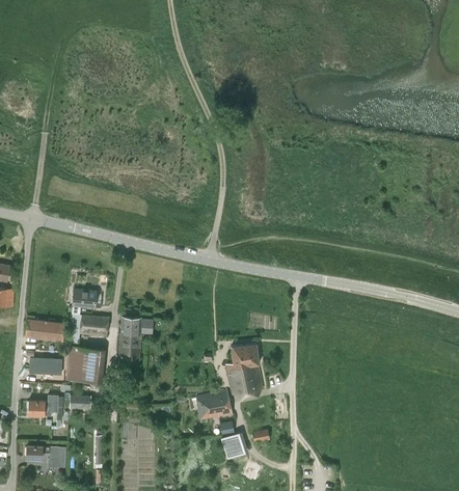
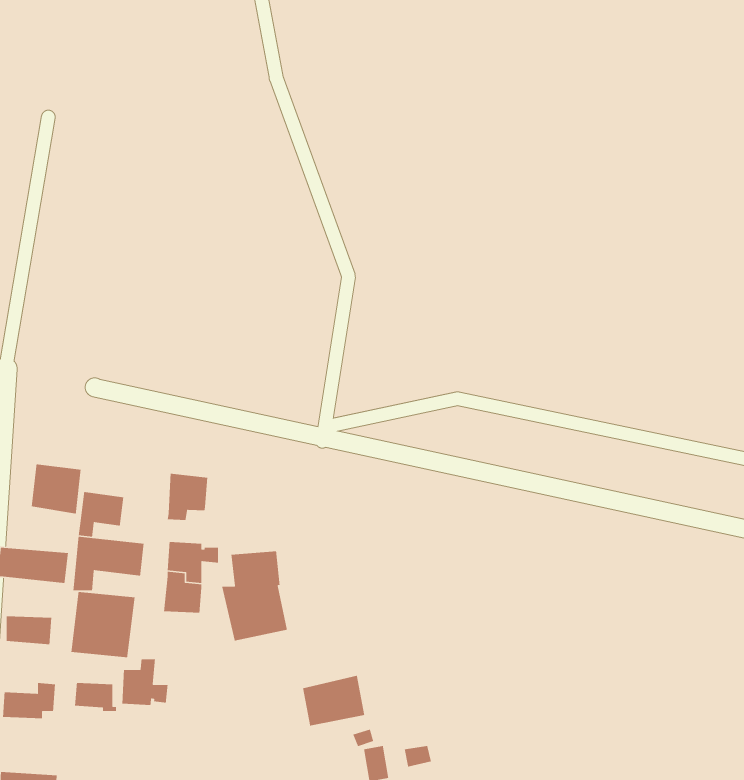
building: none -> [31,464,82,514]
building: none -> [167,473,208,521]
building: [225,345,263,395] -> [221,551,288,641]
building: none -> [121,658,168,706]

